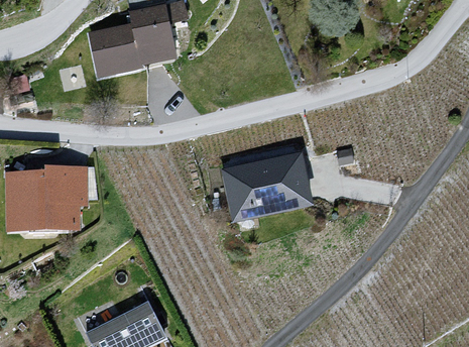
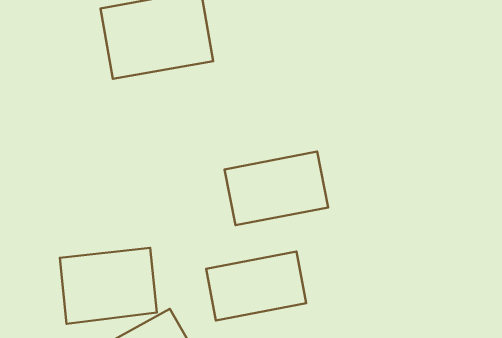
building: [12,164,100,233] -> [60,248,157,324]
building: none -> [206,251,306,321]

